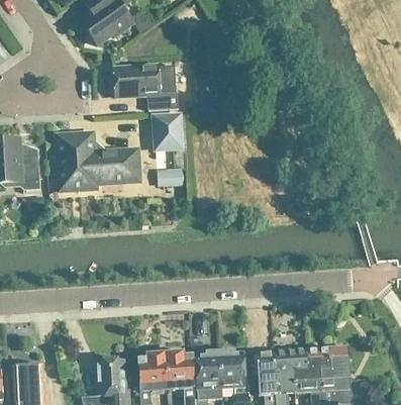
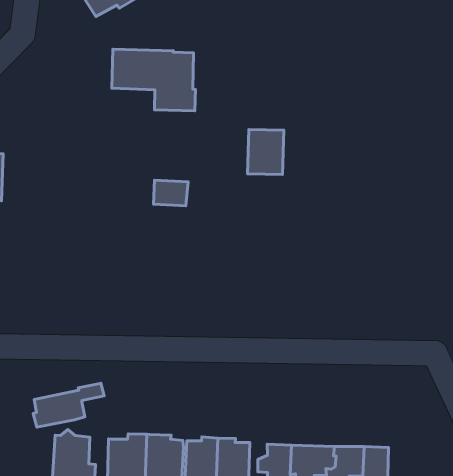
building: [154,115,182,150] -> [247,129,284,174]
building: [56,134,138,190] -> none
building: none -> [33,383,104,427]

